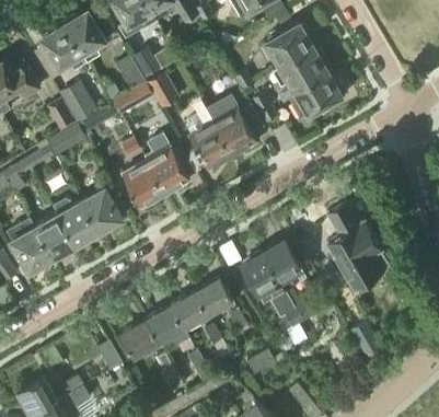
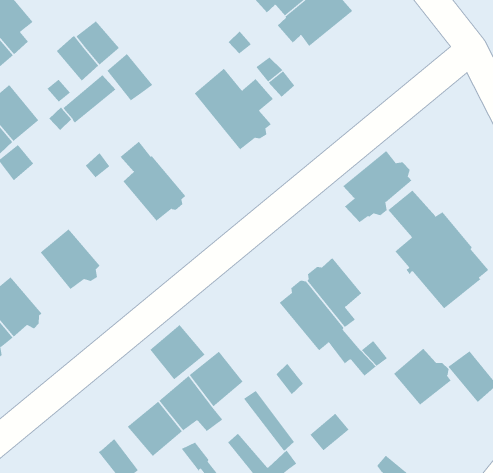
building: [291,72,342,119] -> [342,150,412,223]
building: [186,119,232,169] -> none
building: [122,163,165,209] -> none
building: [58,202,97,247] -> none
building: [194,278,232,316] -> [150,324,206,380]
building: none -> [393,348,451,406]

